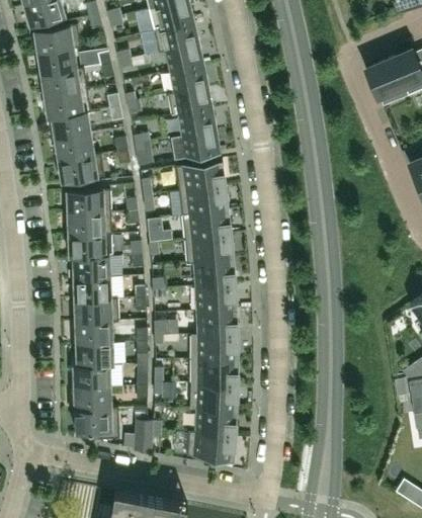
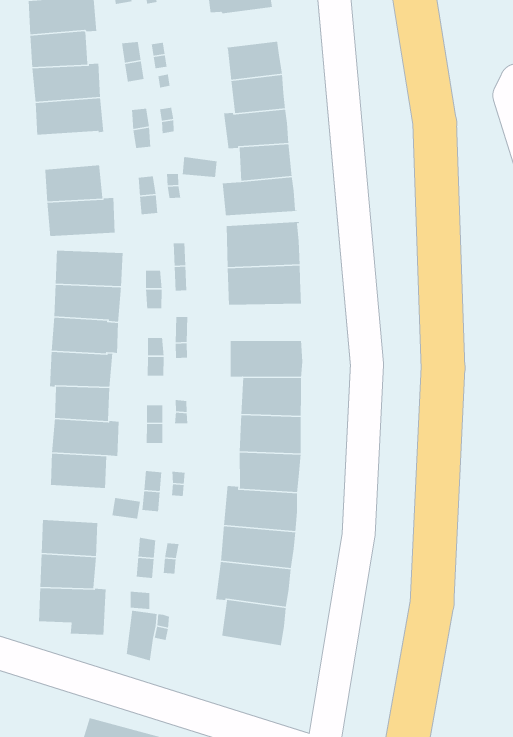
building: [153,22,198,53] -> none
building: [48,112,90,141] -> none
building: [181,212,231,240] -> none
building: [73,343,113,366] -> none
building: [186,431,235,461] -> none

